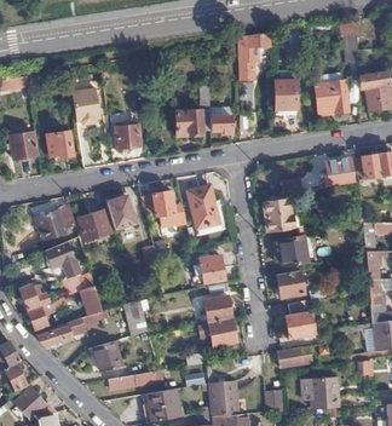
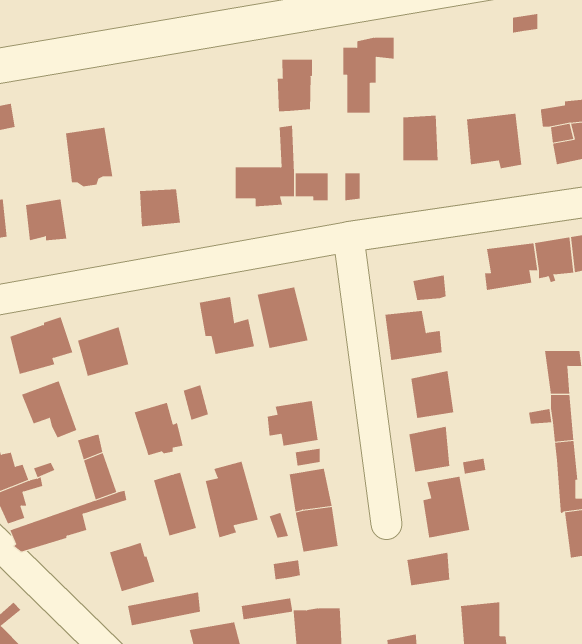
building: none -> [277,59,313,112]
building: [105,196,136,229] -> [134,402,184,456]
building: none -> [205,461,259,538]

